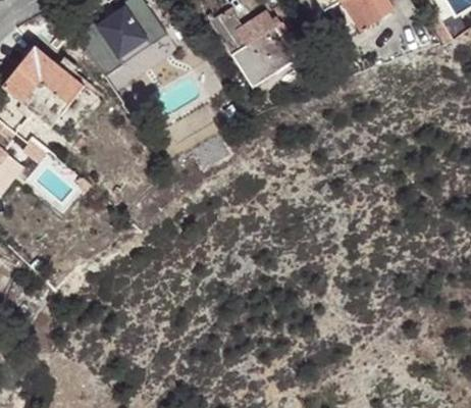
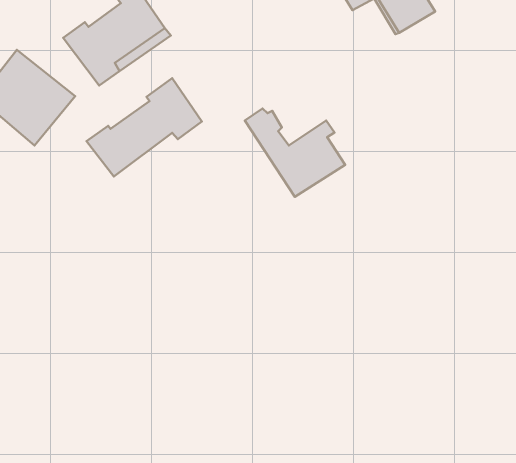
building: [211,9,297,85] -> [245,109,345,197]
building: none -> [86,78,202,176]

